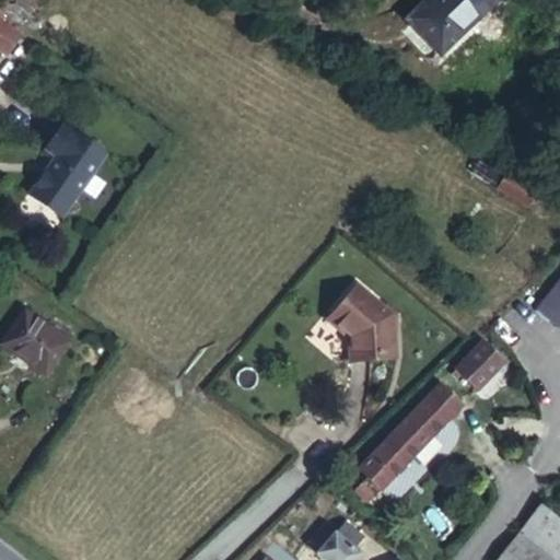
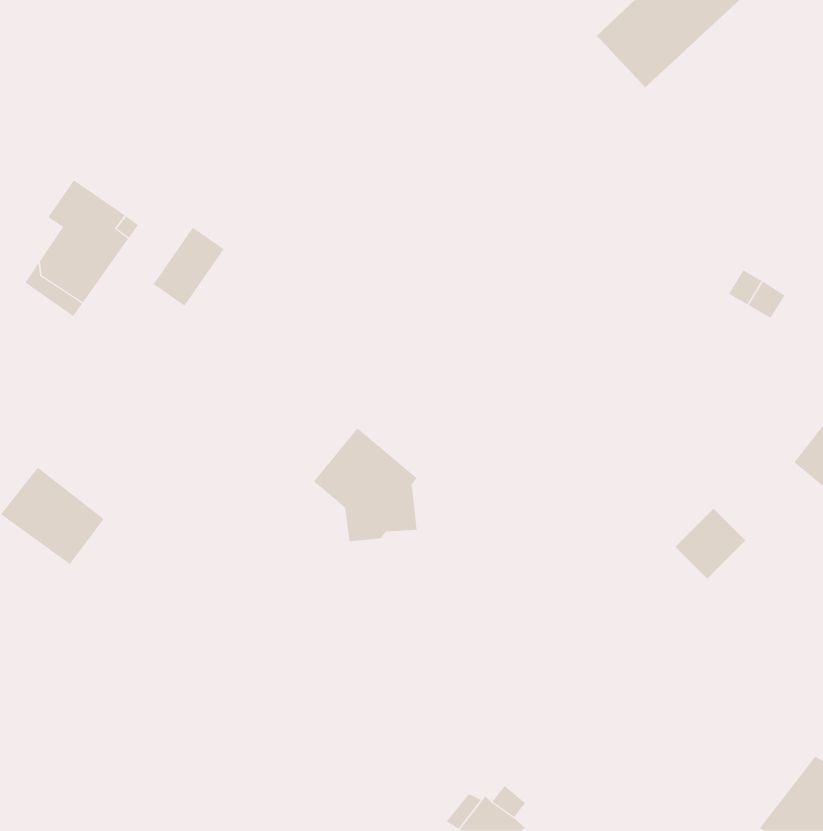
building: none -> [153,227,225,307]
building: [323,283,393,360] -> [313,427,418,542]
building: [363,384,465,487] -> none

